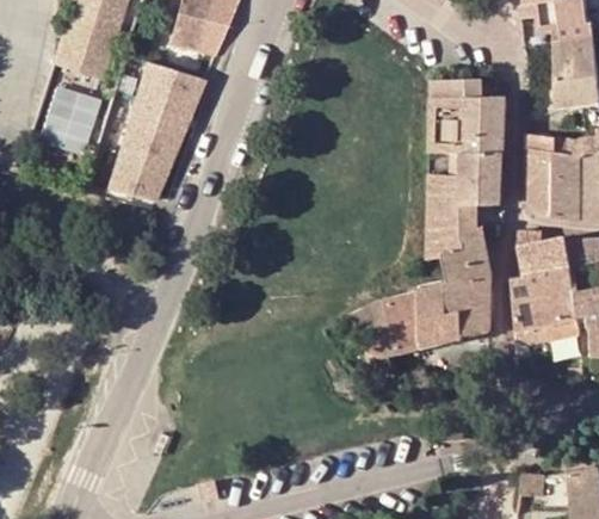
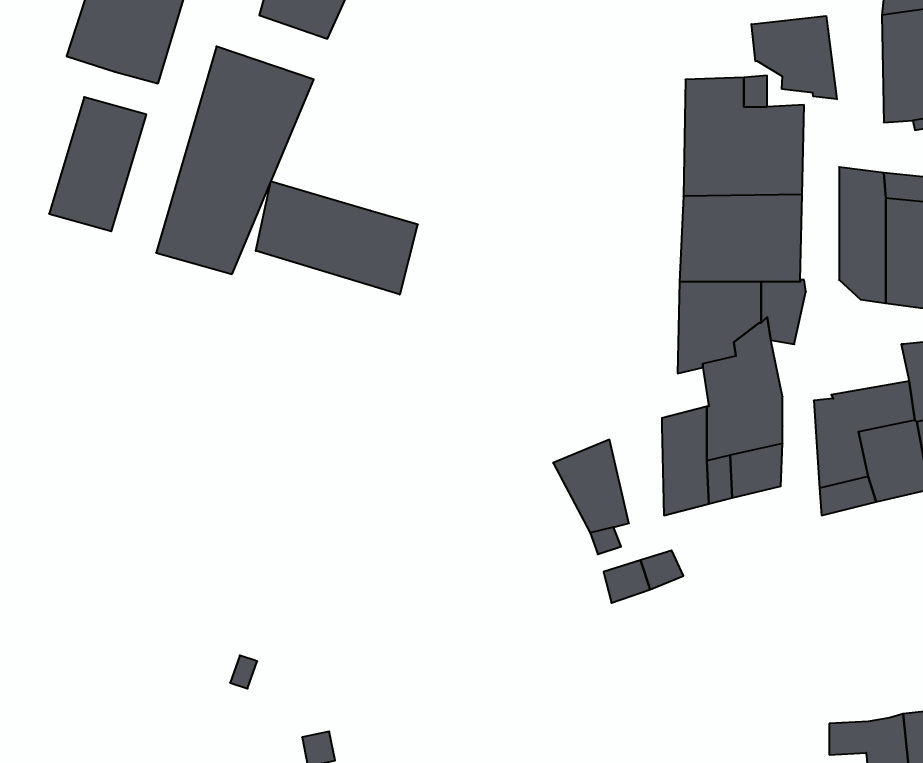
building: none -> [751,16,837,99]
building: none -> [256,181,418,295]
building: [518,230,570,273] -> none
building: [387,292,420,352] -> none

